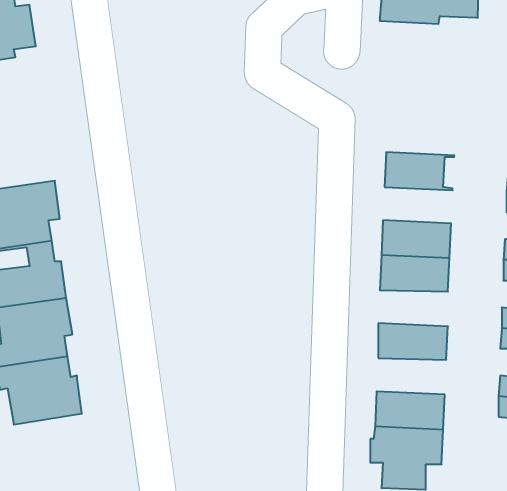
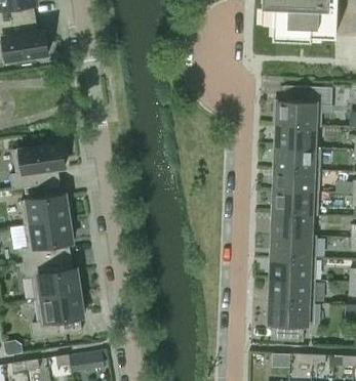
building: none -> [274,86,332,127]
building: none -> [274,147,319,171]
building: none -> [271,214,316,238]
building: none -> [270,258,315,282]
building: none -> [32,294,83,339]

